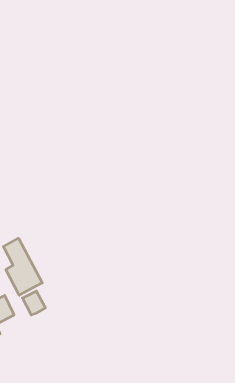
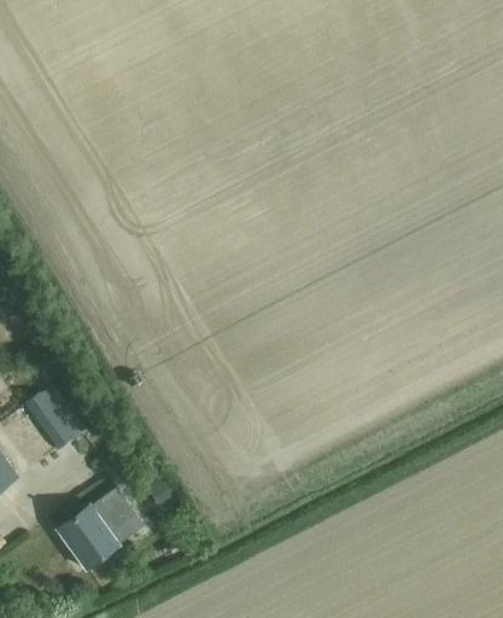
building: [3,238,42,295] -> none

